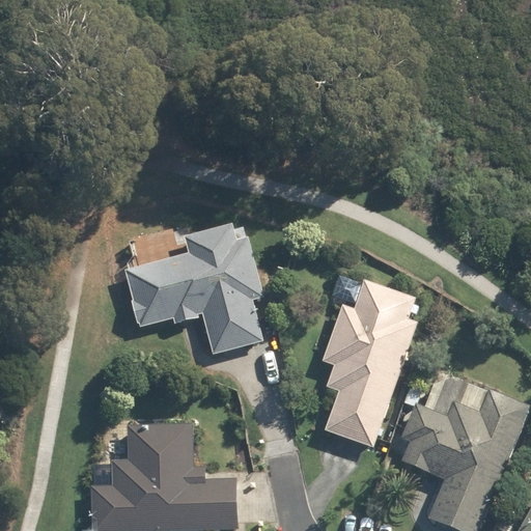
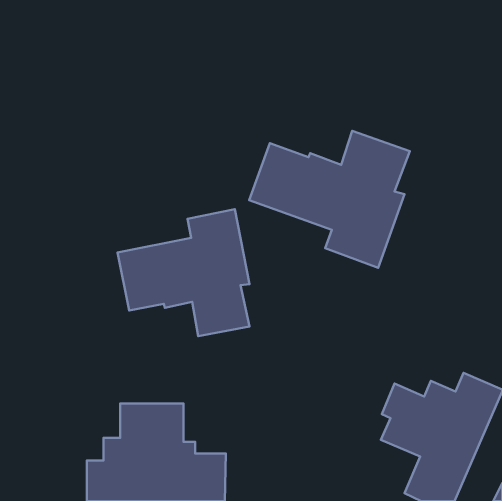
building: none -> [249,131,410,268]
building: [320,279,417,447] -> none

